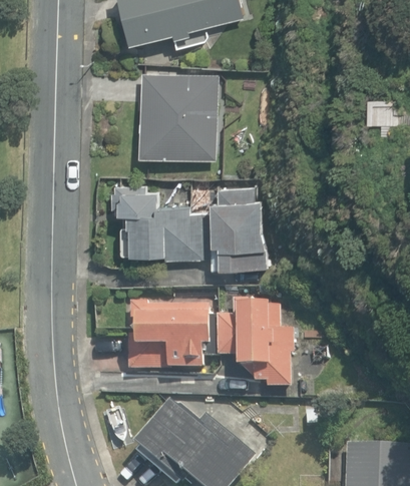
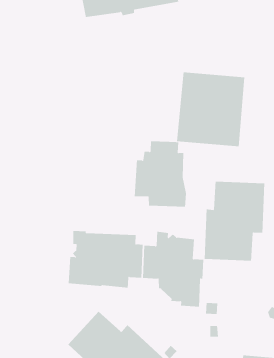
building: [138,73,218,160] -> [176,72,245,147]
building: [110,186,201,260] -> none
building: none -> [204,181,265,262]

